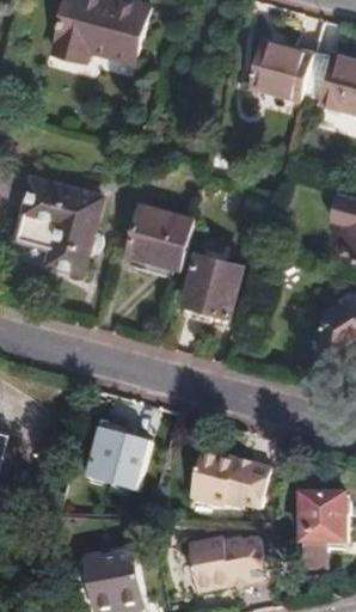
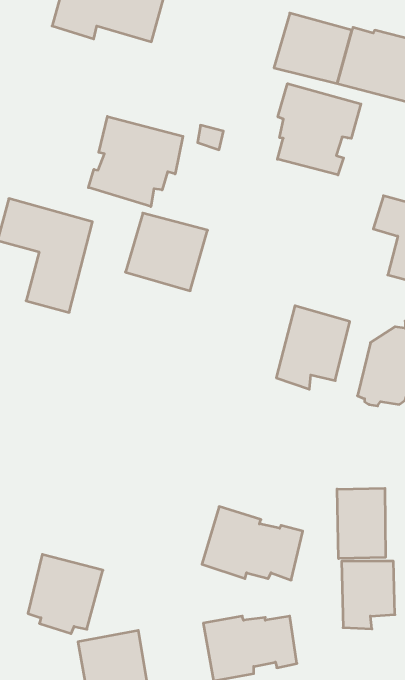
building: none -> [277,84,361,175]
building: none -> [88,116,183,207]
building: [179,252,240,322] -> [276,306,350,389]
building: [85,427,147,492] -> [28,554,103,634]
building: none -> [337,488,385,559]

